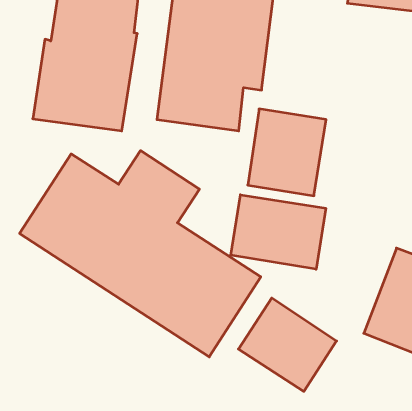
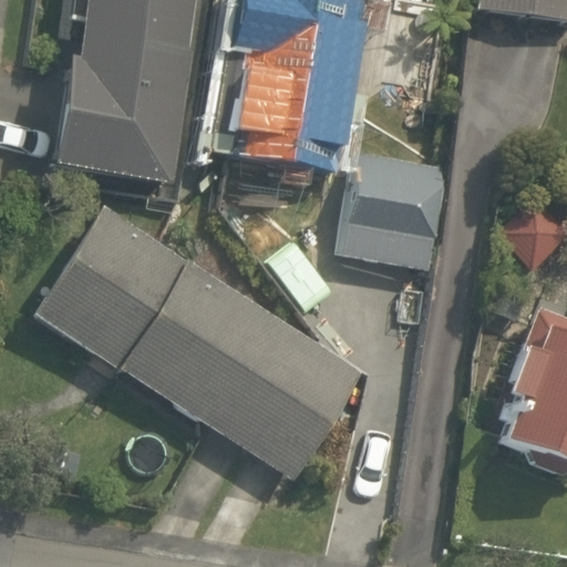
building: [231,195,326,269] -> none
building: [238,298,337,391] -> none

